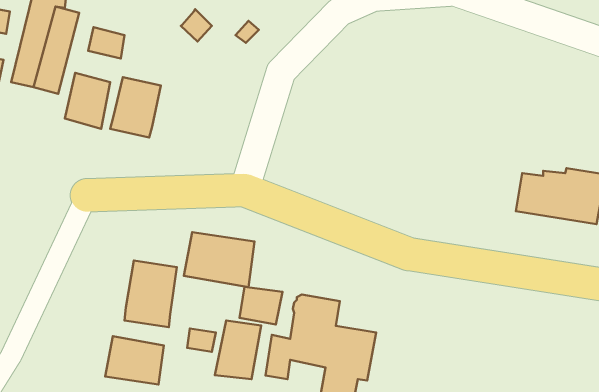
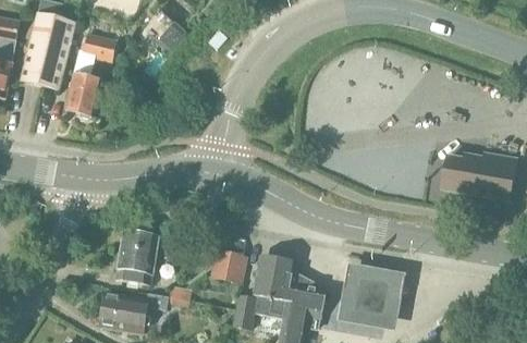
building: [110,77,161,138] -> none
building: [184,232,254,287] -> none
building: none -> [335,266,404,334]
building: [215,321,261,379] -> none

